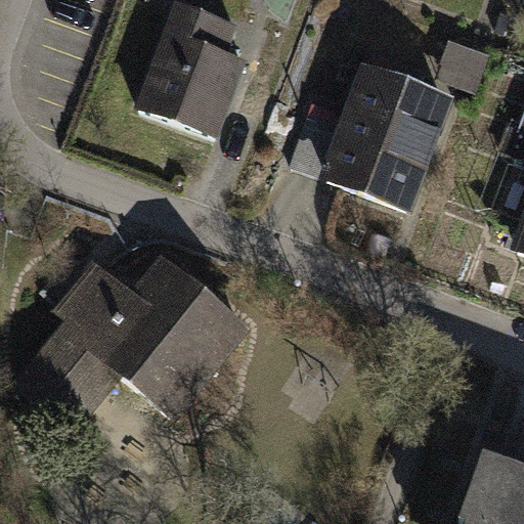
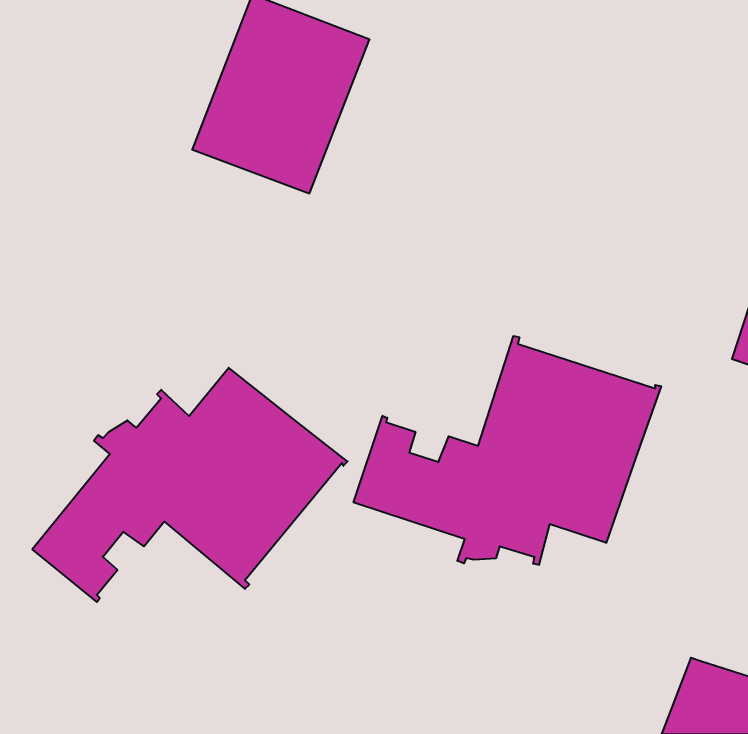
building: [320,67,450,210] -> none
building: none -> [354,336,661,565]

